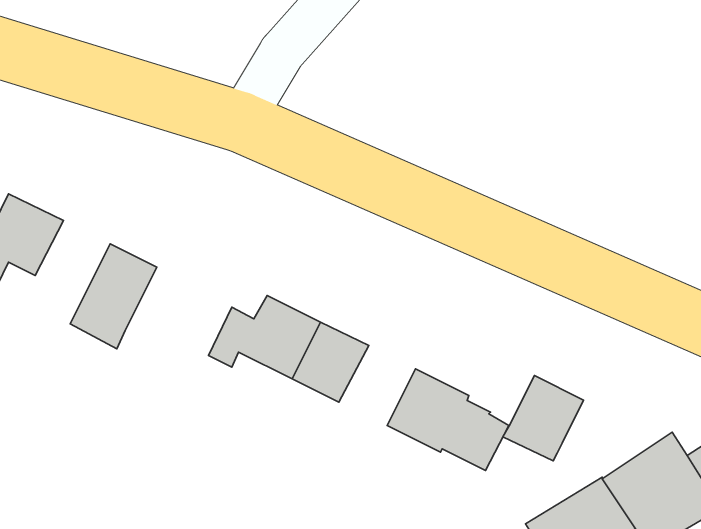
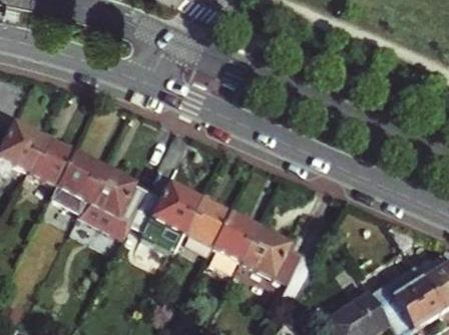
building: none -> [27,136,72,185]
building: none -> [76,164,145,237]
building: none -> [209,212,256,260]
building: [503,376,584,461] -> none

